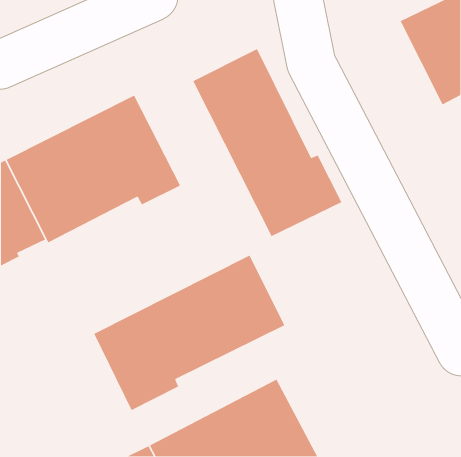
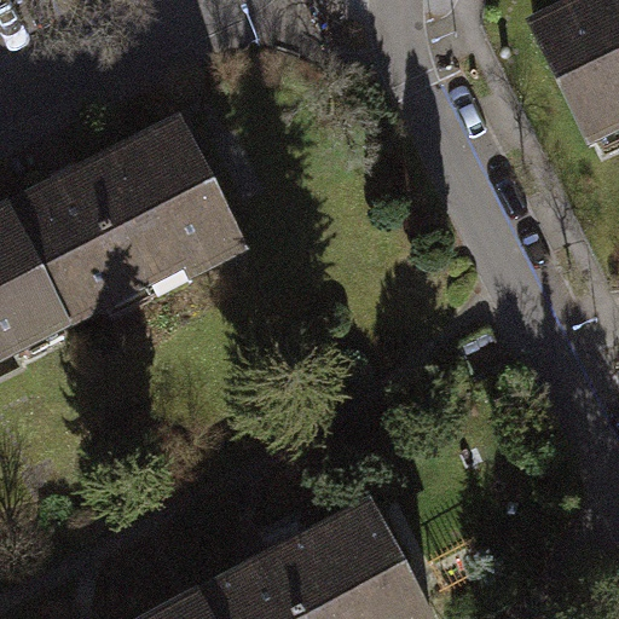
building: [192,48,343,237] -> none
building: [93,255,285,411] -> none

